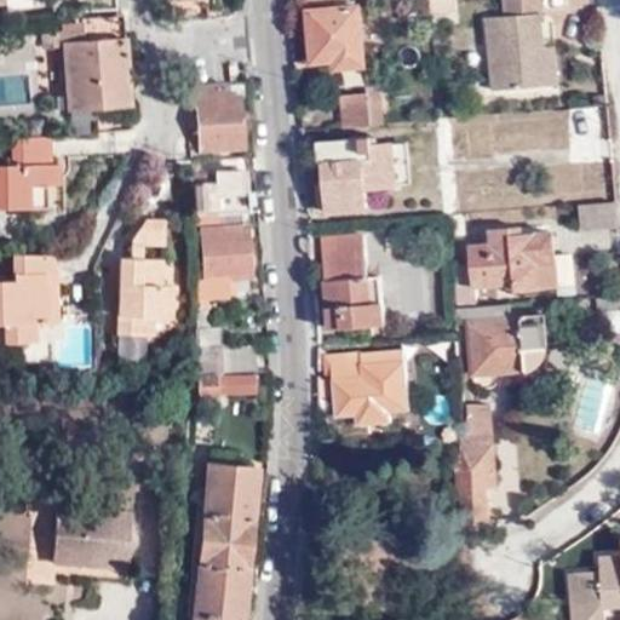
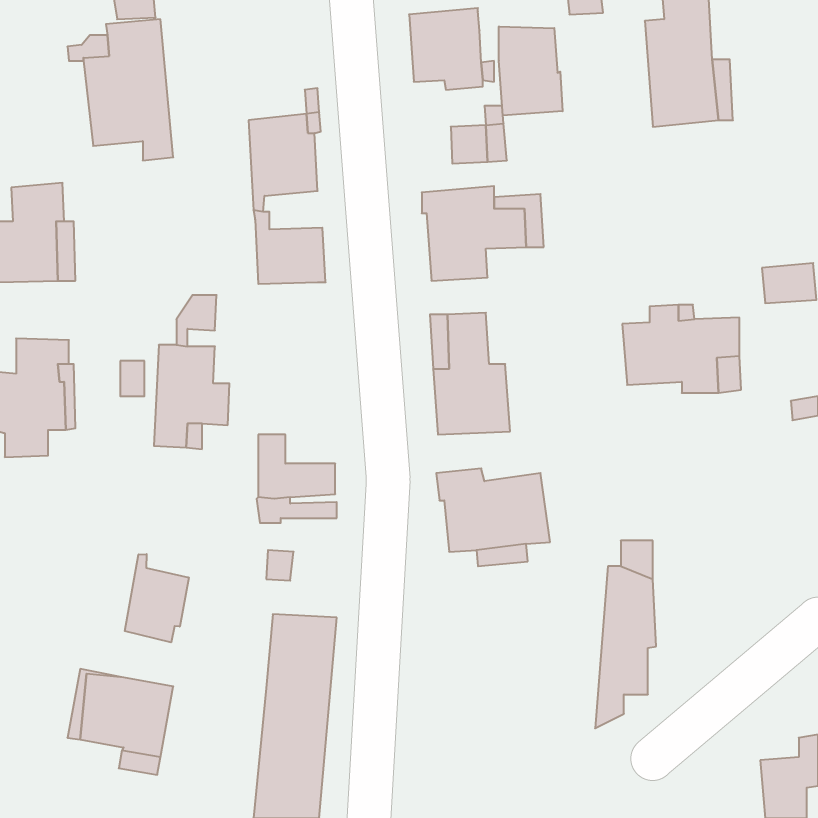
building: none -> [499,26,563,115]
building: [195,213,252,300] -> none
building: [455,312,542,377] -> none
building: none -> [125,554,189,642]

